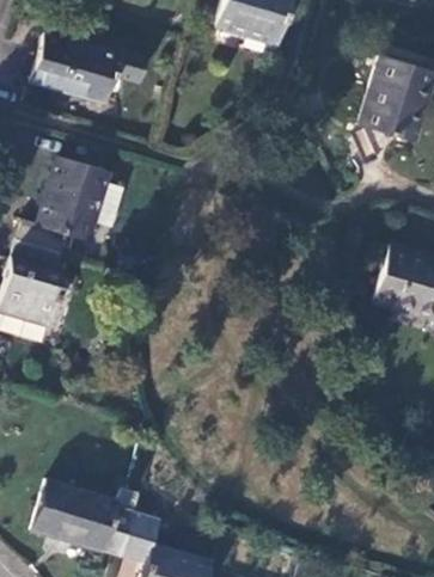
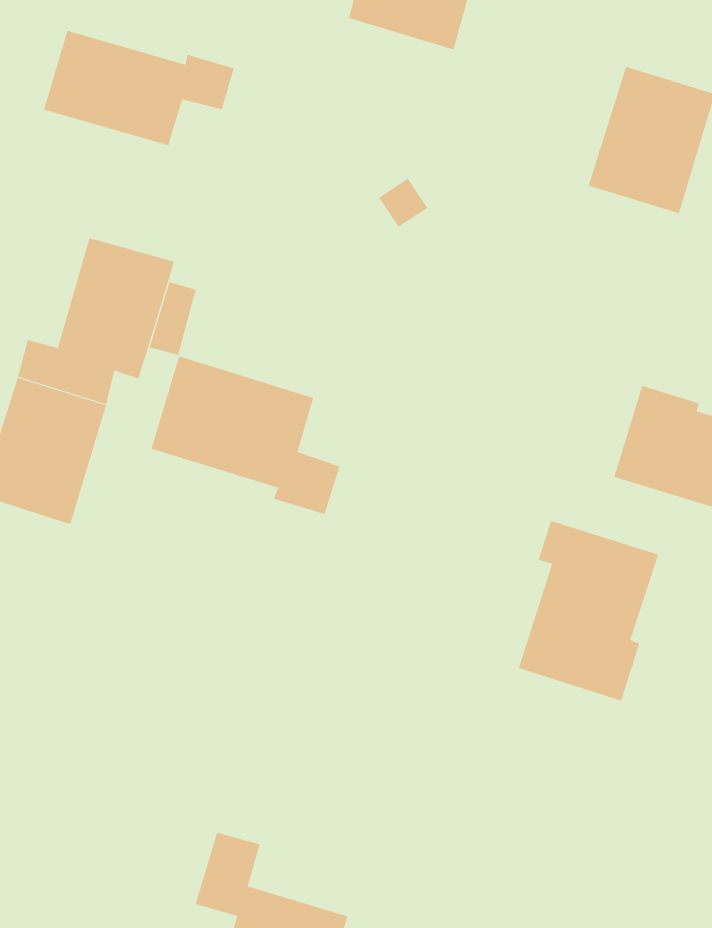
building: none -> [151,355,340,515]
building: none -> [518,520,659,701]
building: [32,478,140,555] -> none

